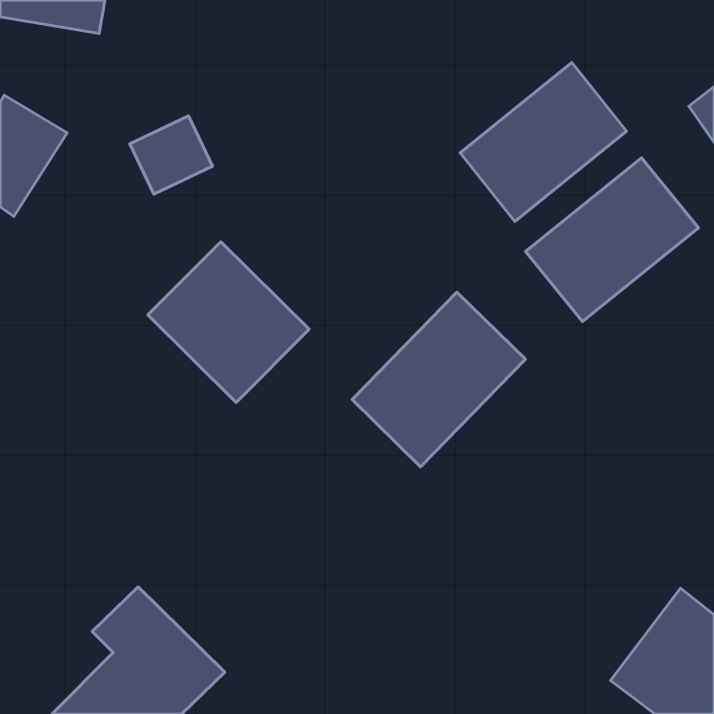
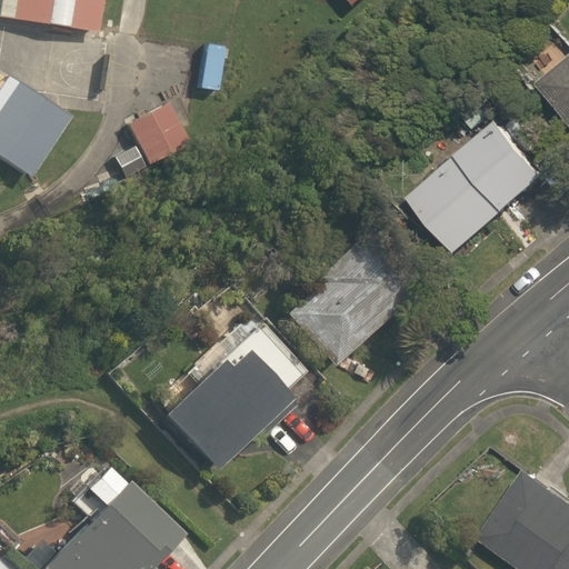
building: [460,62,627,222] -> none
building: [148,242,309,402] -> none
building: none -> [160,320,325,471]

